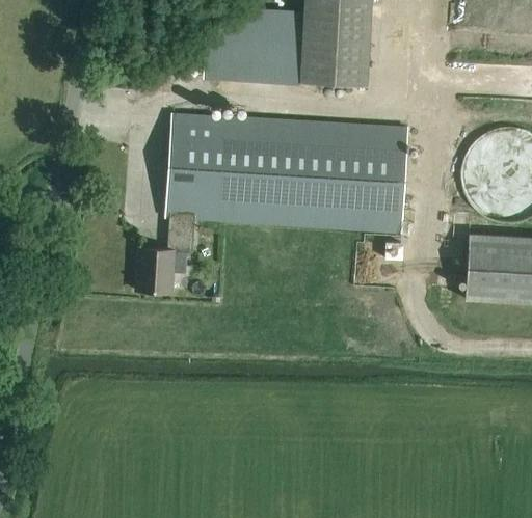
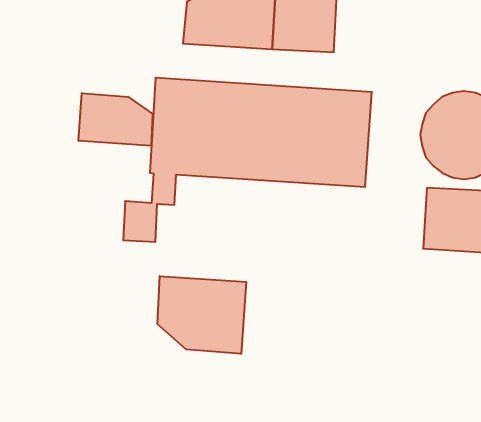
building: none -> [79,93,153,146]
building: none -> [158,276,246,354]

